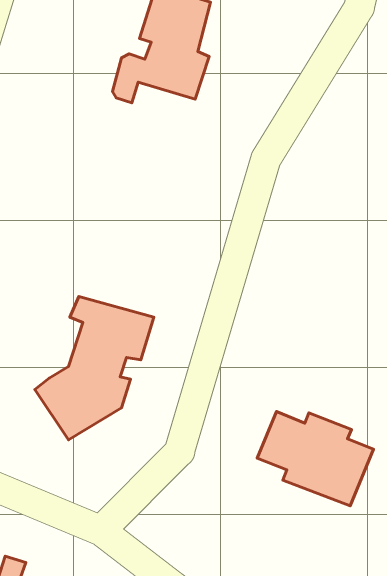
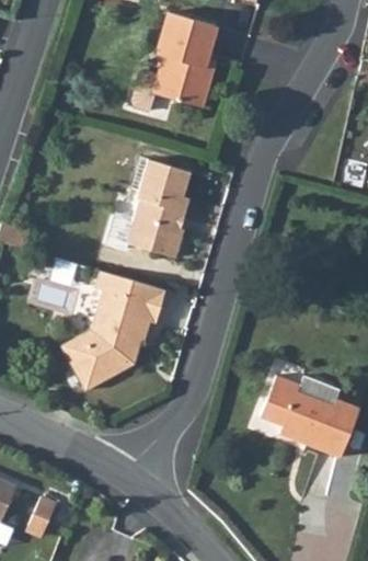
building: none -> [107,163,191,260]

